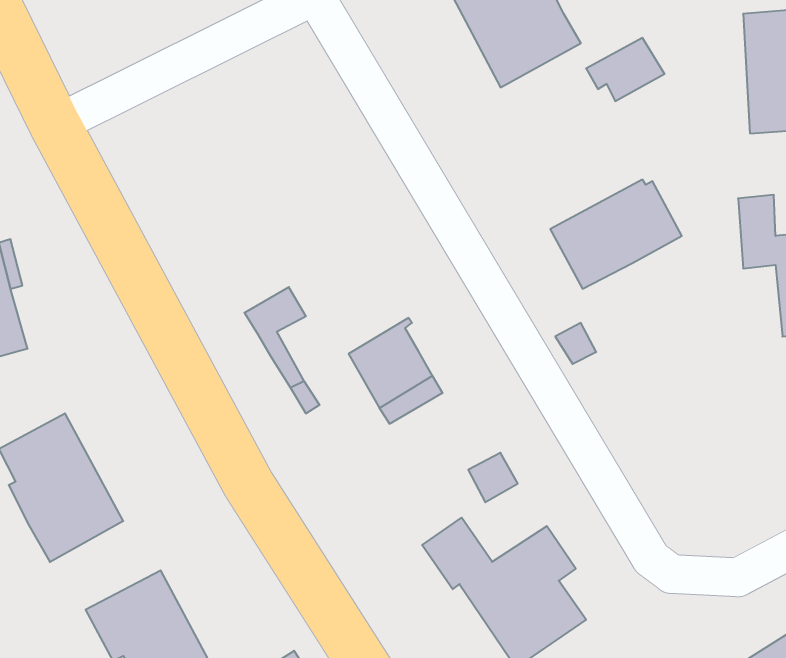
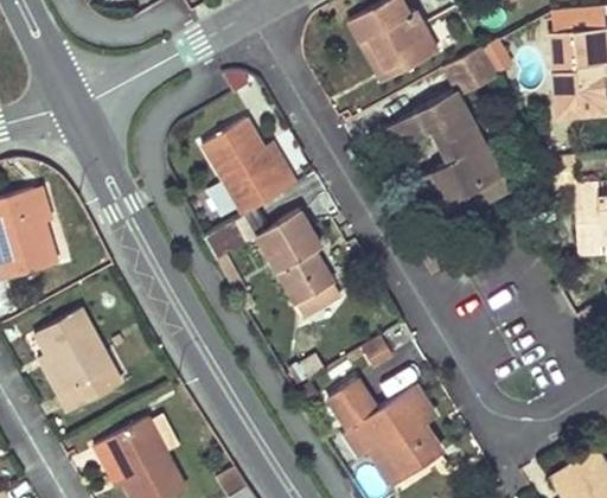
building: none -> [384,91,481,180]
building: none -> [203,119,294,215]
building: none -> [258,210,319,267]

